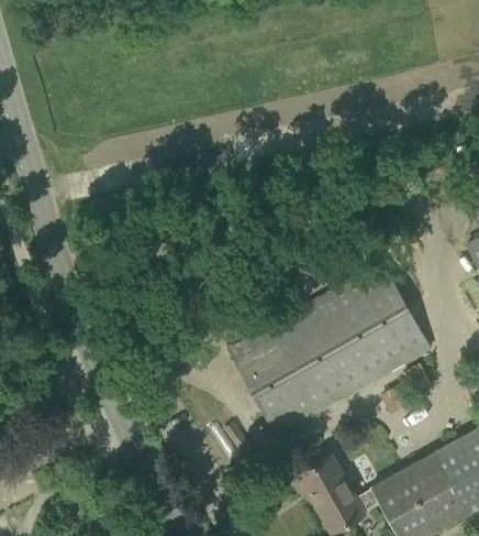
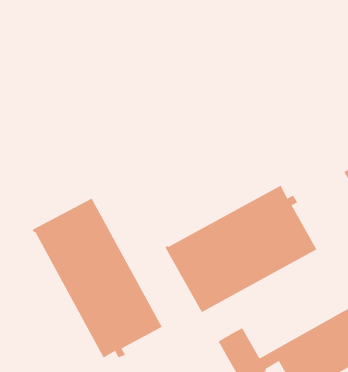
building: none -> [32,198,162,359]

